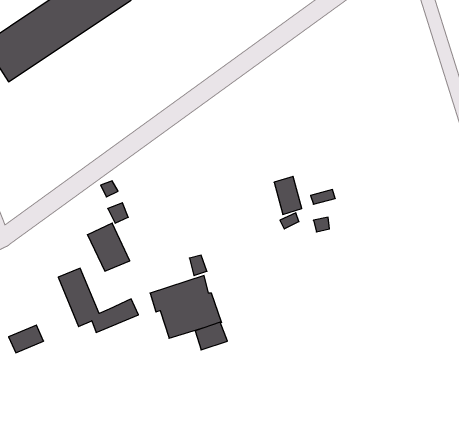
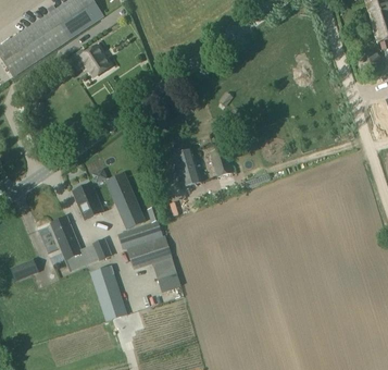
building: none -> [73,46,110,76]
building: none -> [174,149,201,187]
building: none -> [107,173,143,229]
building: none -> [90,266,127,321]

